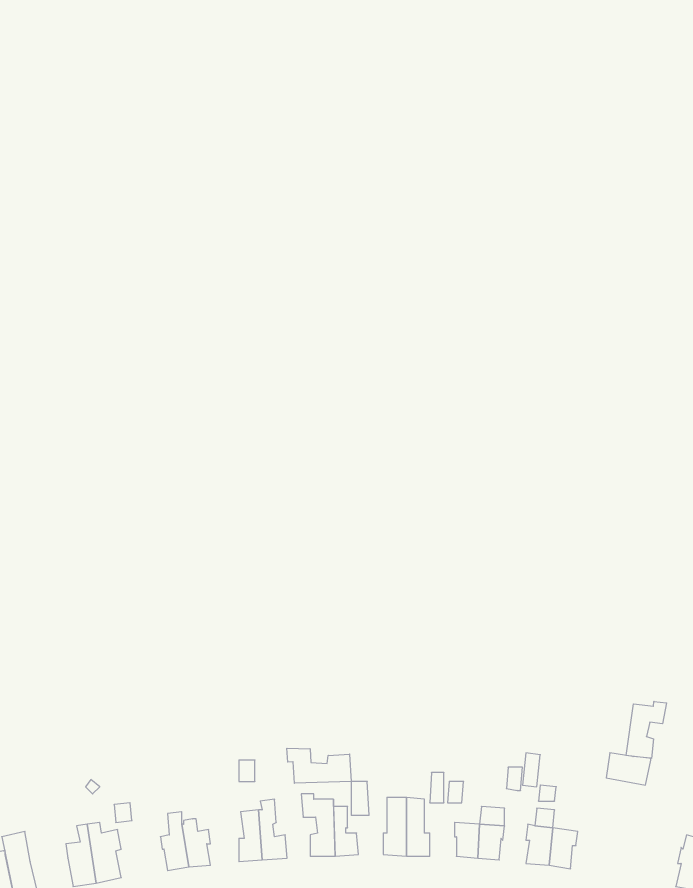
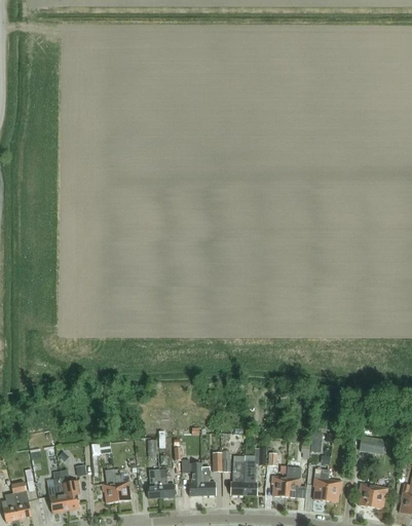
building: [626,701,667,758] -> none
building: [287,748,351,783] -> none
building: none -> [358,483,387,509]

